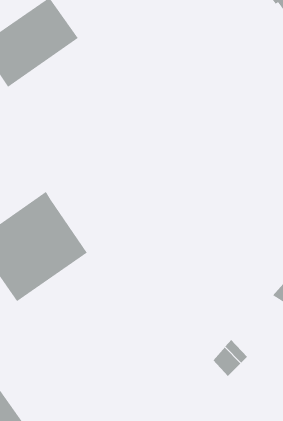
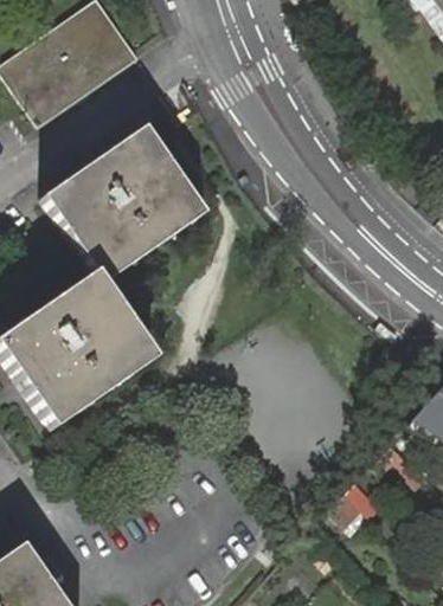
building: none -> [46,125,207,282]

